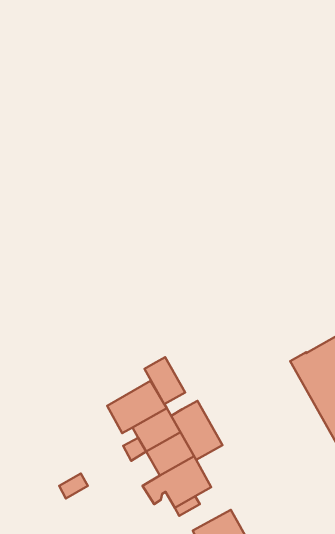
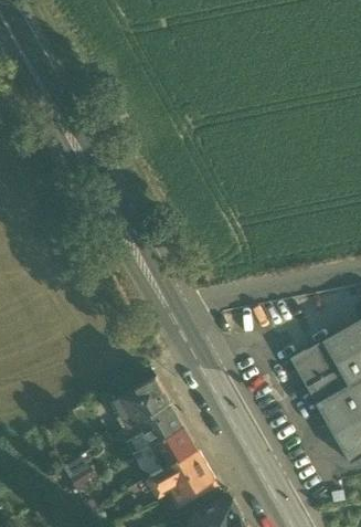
building: [144,357,185,404] -> none
building: [171,401,222,460] -> none

